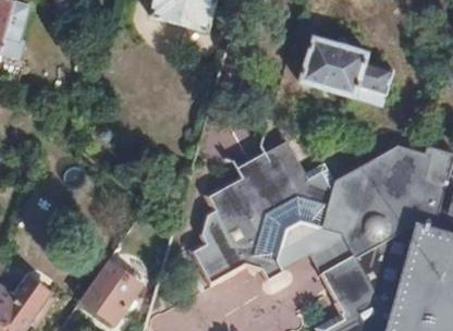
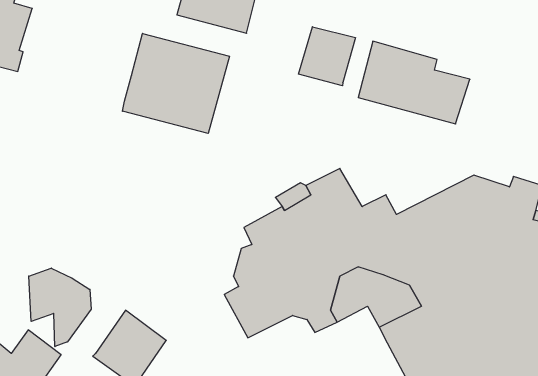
building: none -> [299,27,355,86]
building: none -> [122,33,230,133]
building: none -> [29,268,91,347]

